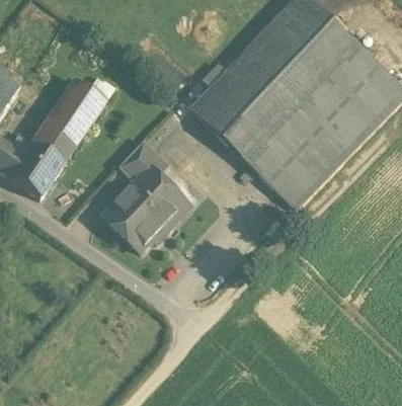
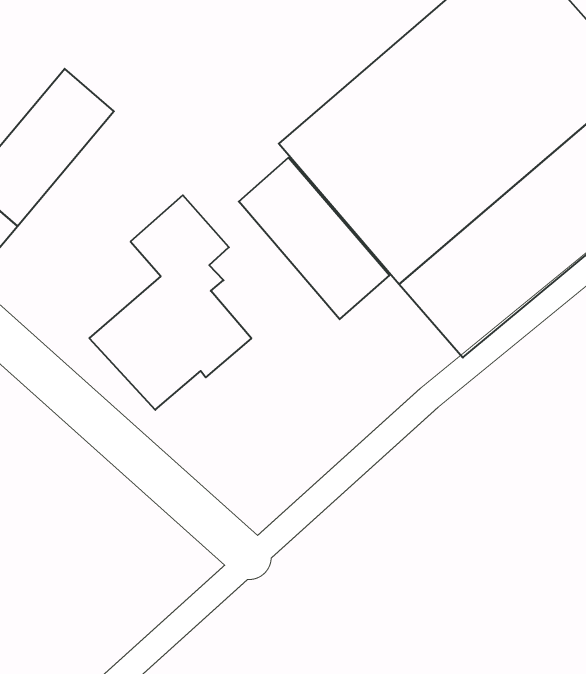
building: none -> [239,158,389,319]

